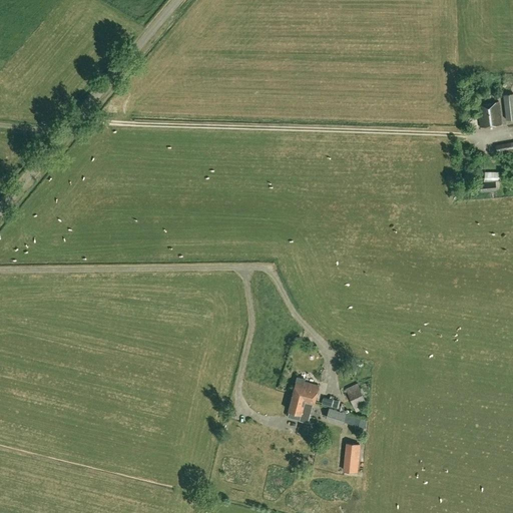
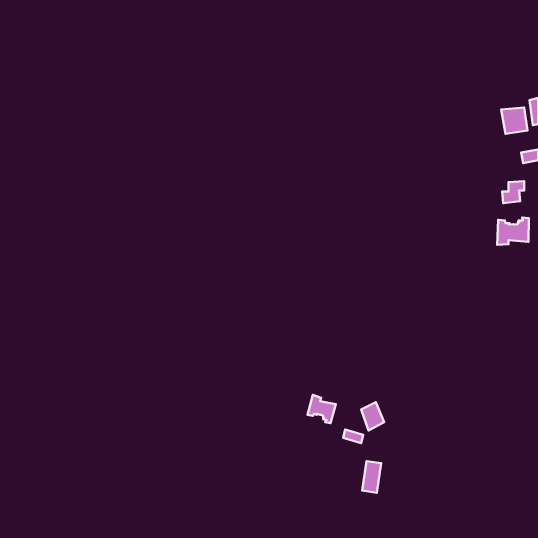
building: none -> [497,218,529,245]
building: [289,394,315,422] -> none

